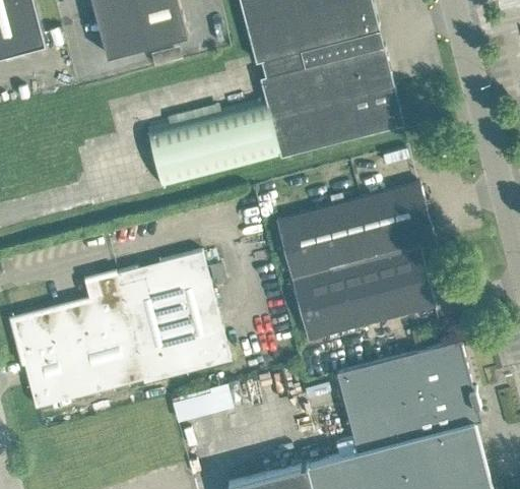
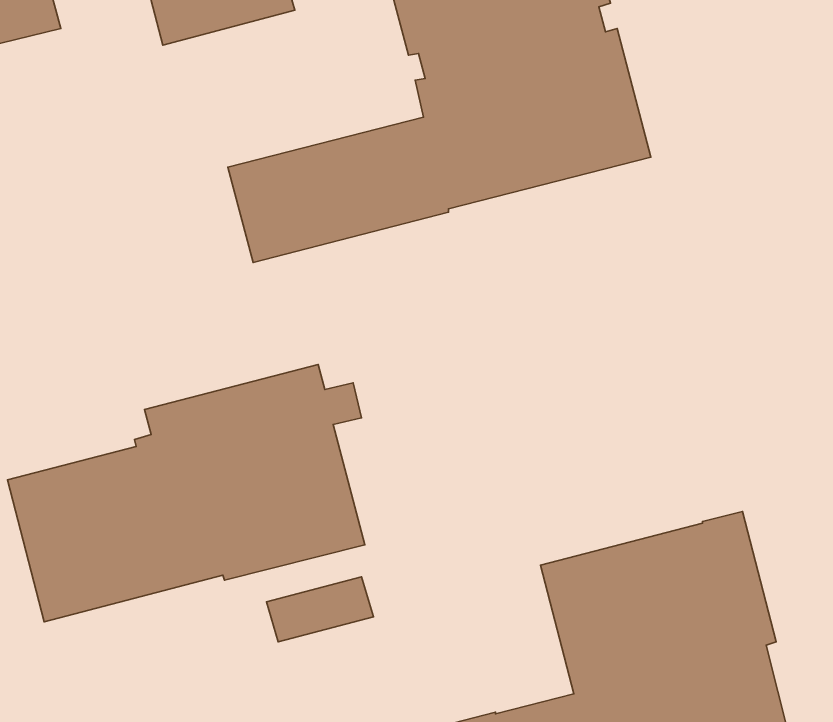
building: [276,184,435,340] -> none

